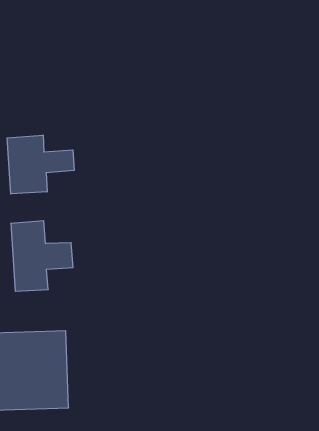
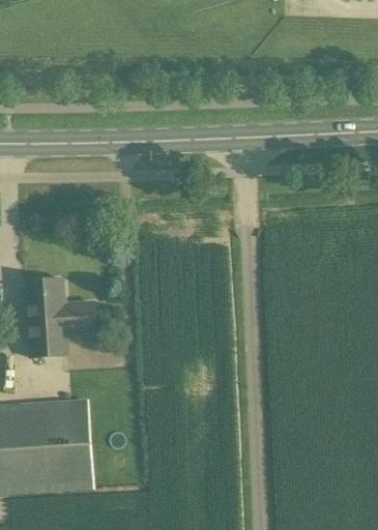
building: [7,135,74,194] -> none

